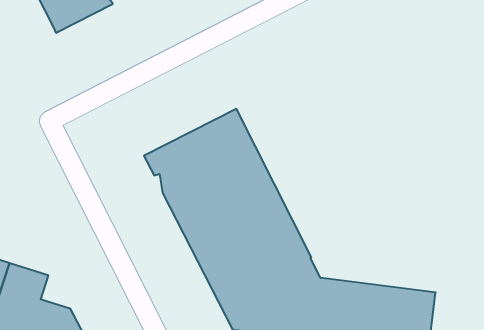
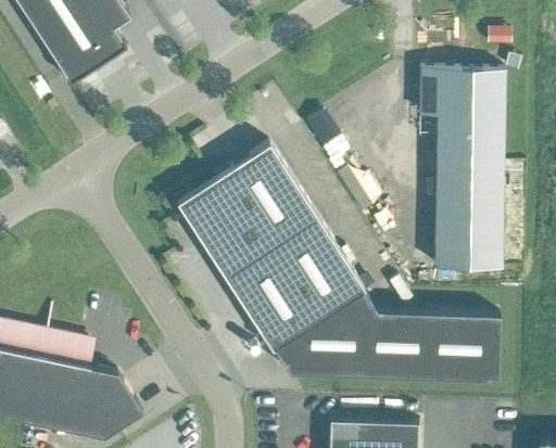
building: none -> [419,71,505,270]

